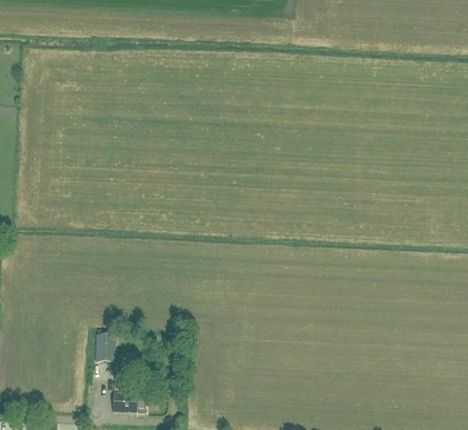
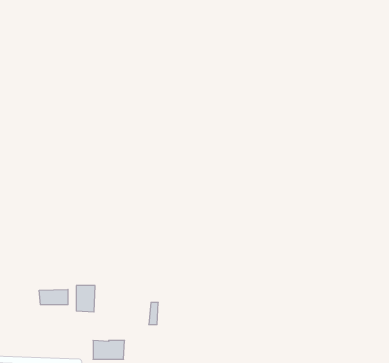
building: none -> [39,289,68,305]

